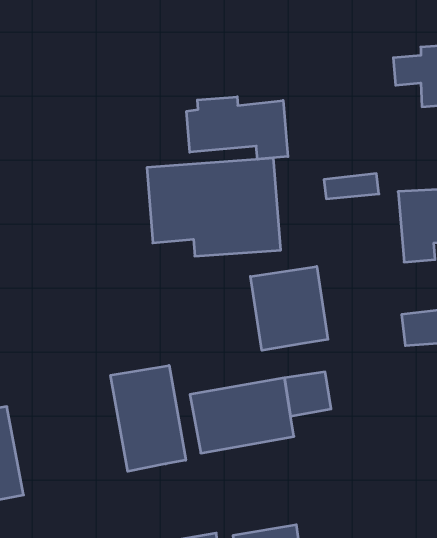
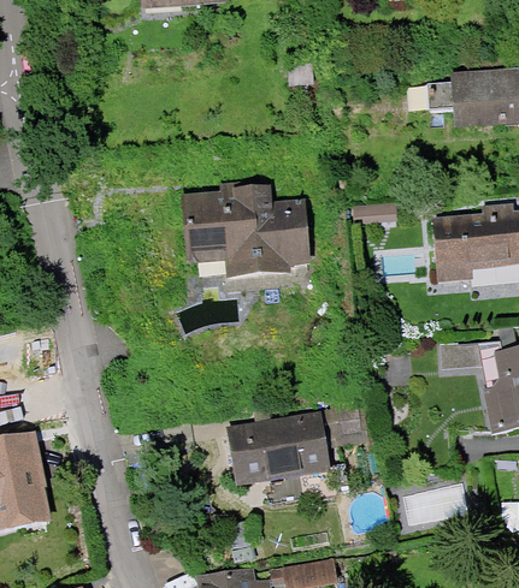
building: [187,97,288,159] -> none
building: [250,266,328,350] -> none
building: [111,365,186,471] -> none

